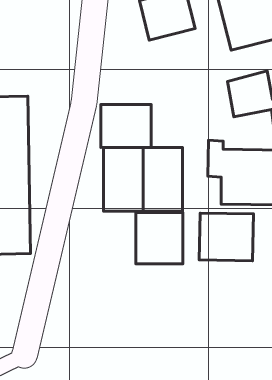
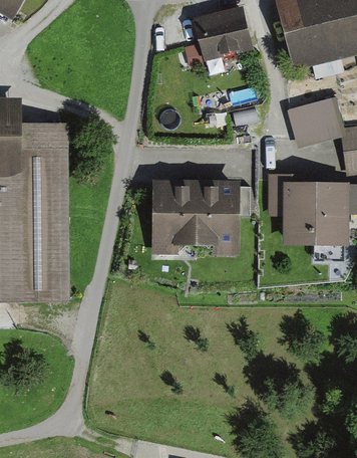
building: [101,104,151,147] -> none
building: [136,213,183,264] -> none
building: [199,213,253,261] -> none

